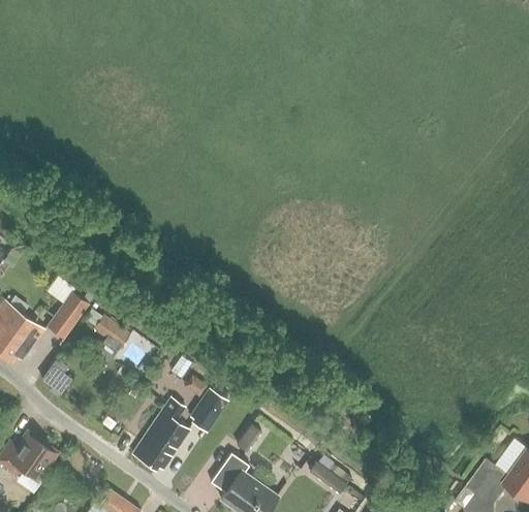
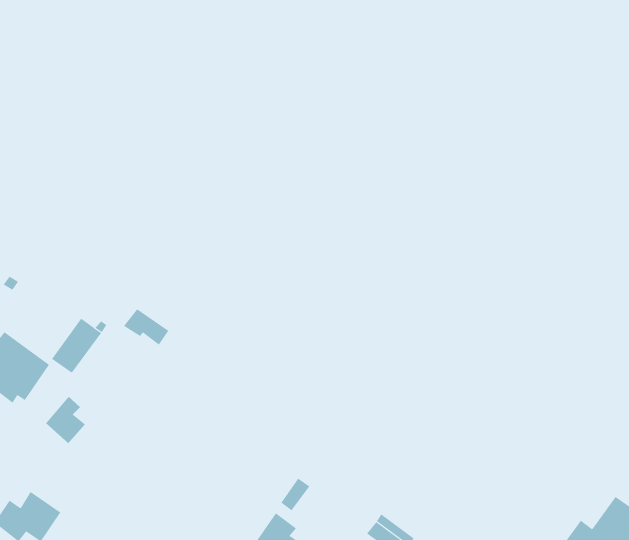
building: [92,316,130,347] -> [123,308,169,346]
building: [190,391,226,435] -> none
building: [132,401,189,471] -> none

